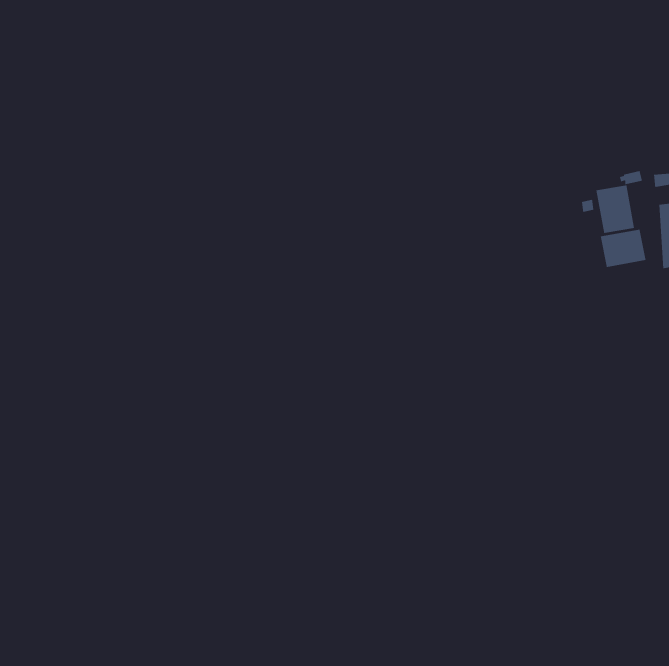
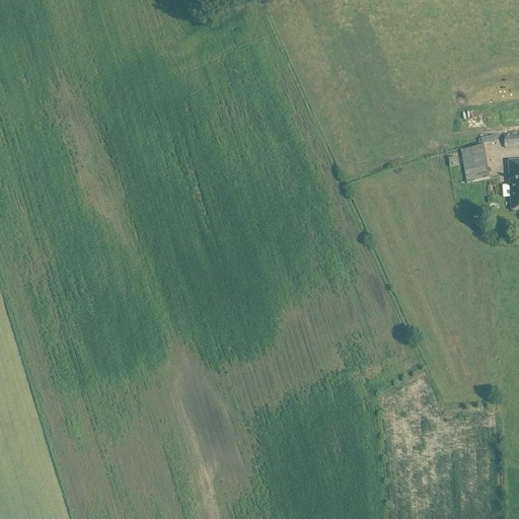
building: [600,229,646,268] -> none

